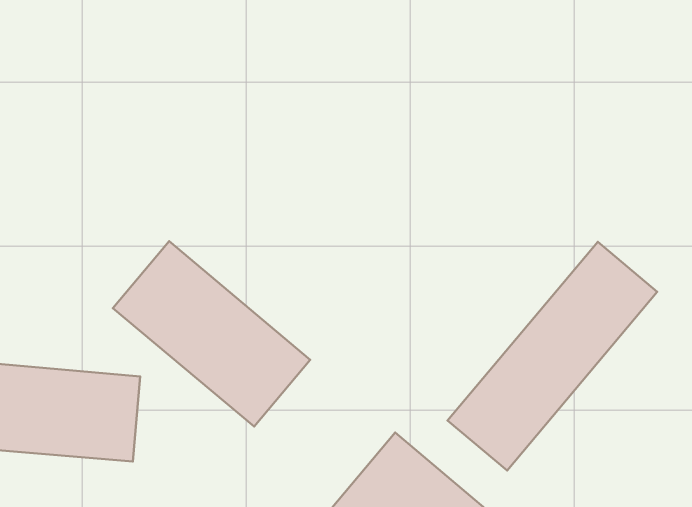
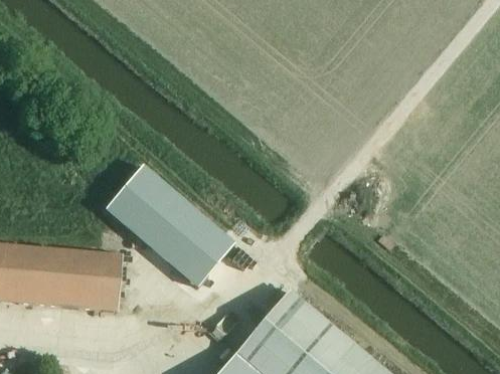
building: [448,242,657,470] -> none

